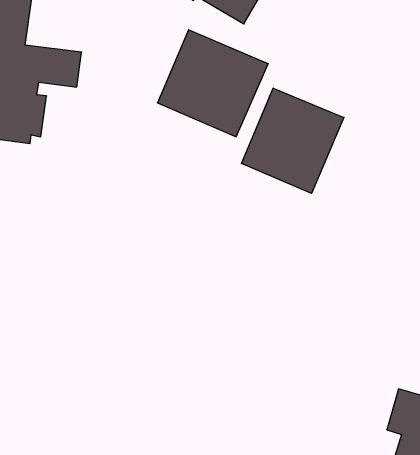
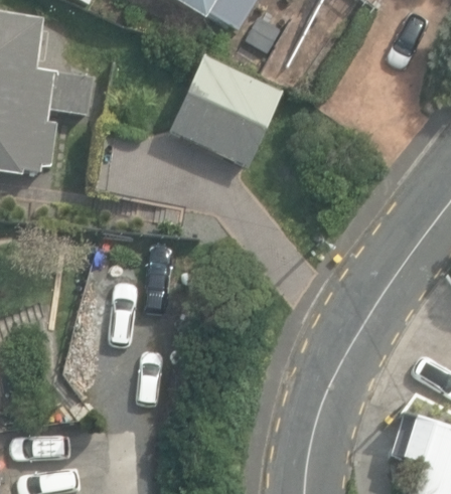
building: [241,88,344,193] -> none

